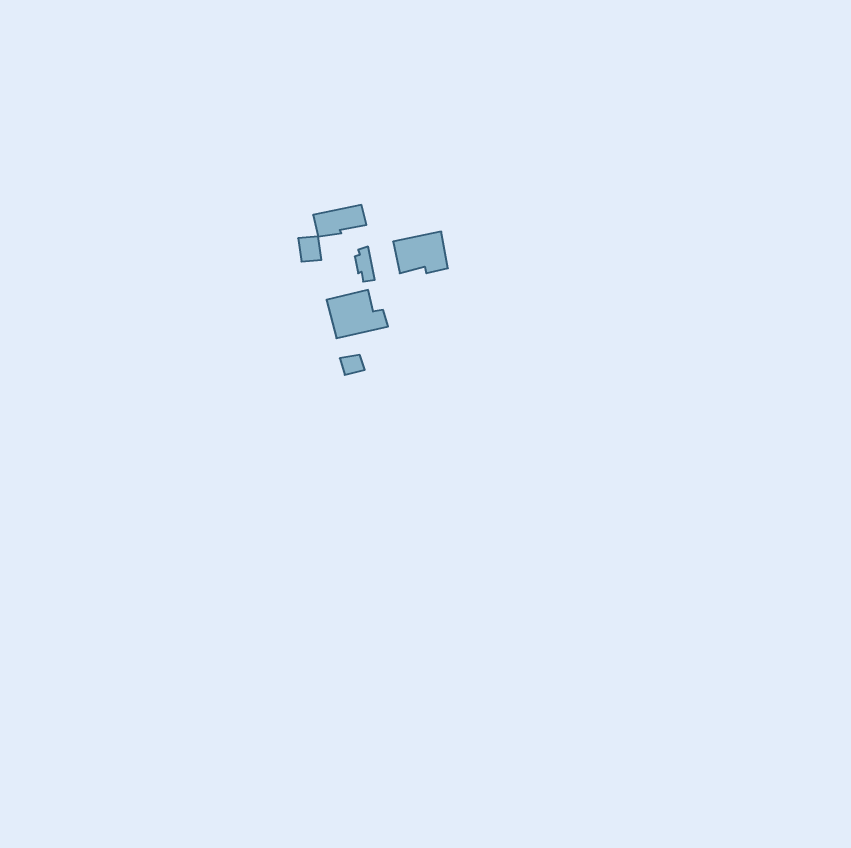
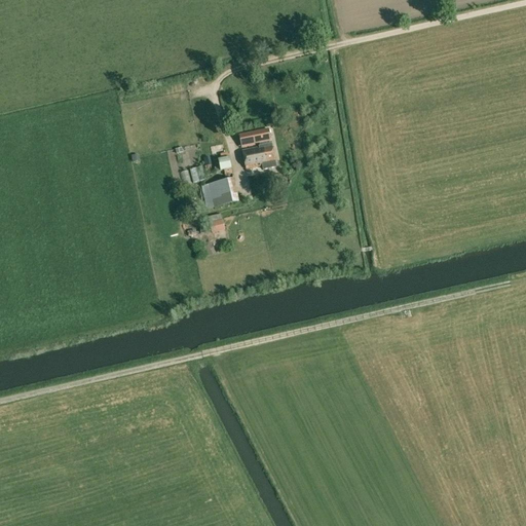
building: [313,205,366,237] -> [238,127,271,147]

